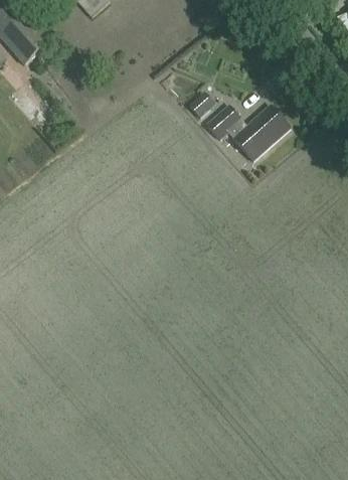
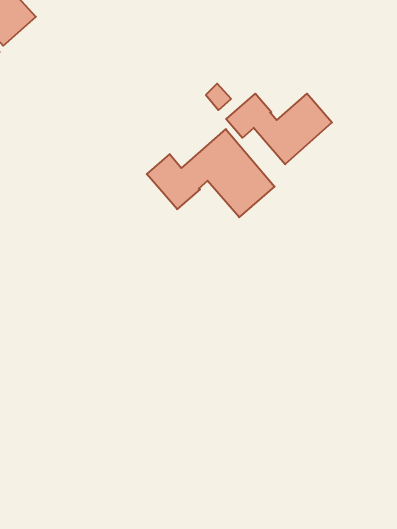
building: none -> [147,129,275,217]

